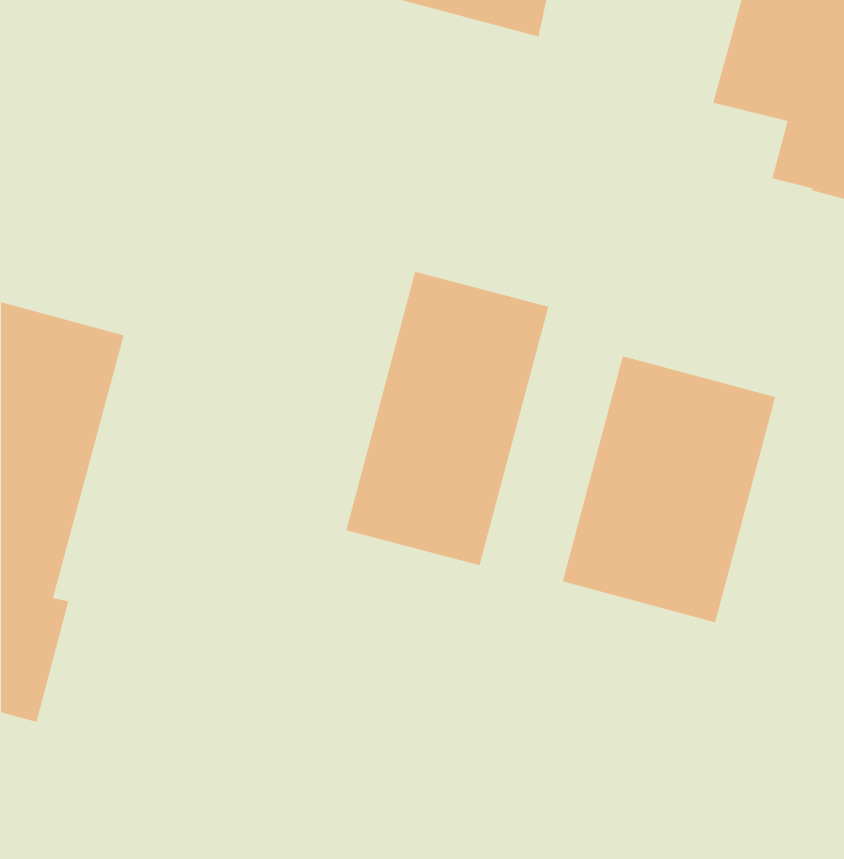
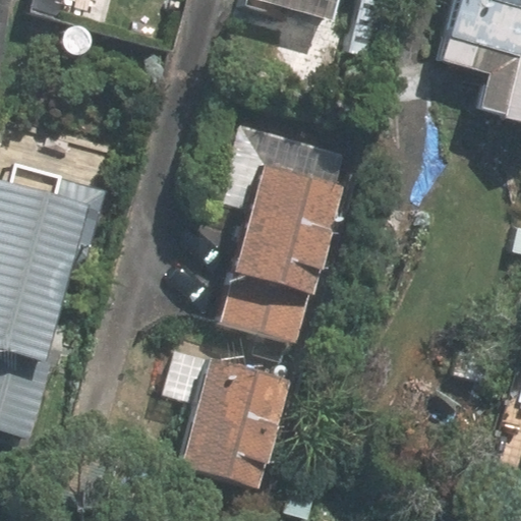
building: [562,355,776,623] -> none
building: none -> [179,354,292,489]

